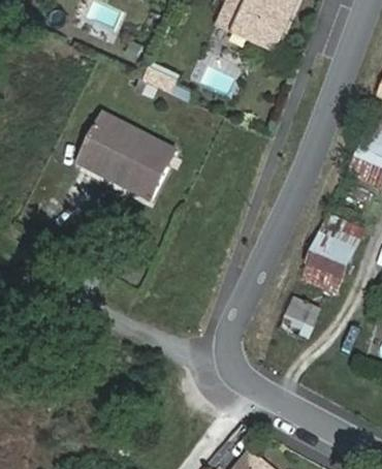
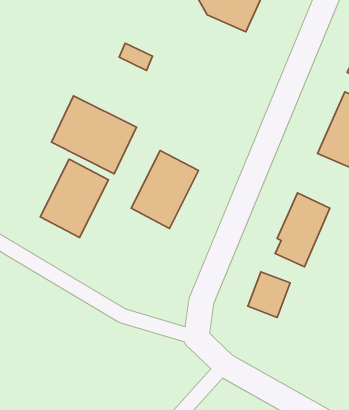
building: none -> [131,150,199,228]
building: none -> [40,159,108,238]

